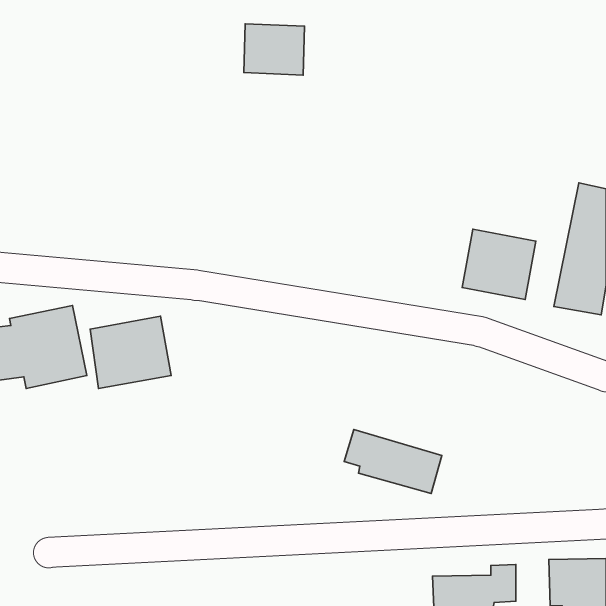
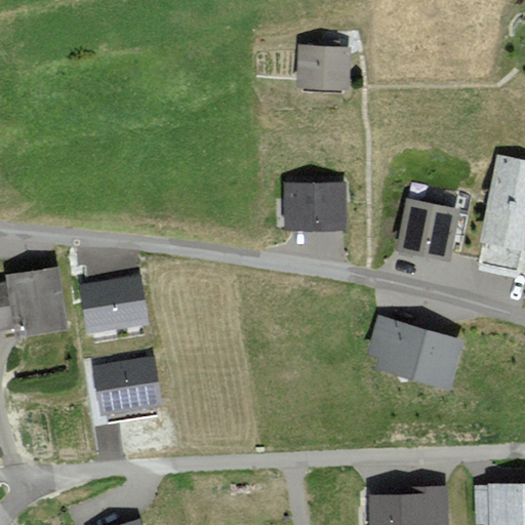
building: [244,24,304,75] -> [302,44,355,88]
building: none -> [289,188,345,224]
building: none -> [92,357,162,416]
building: [344,429,442,494] -> [371,323,455,378]

